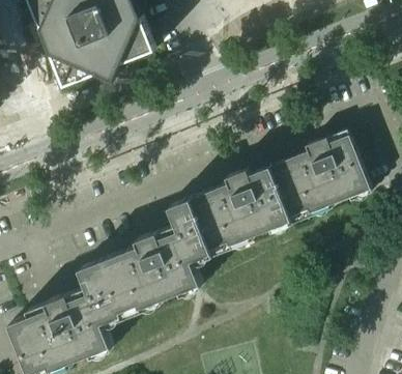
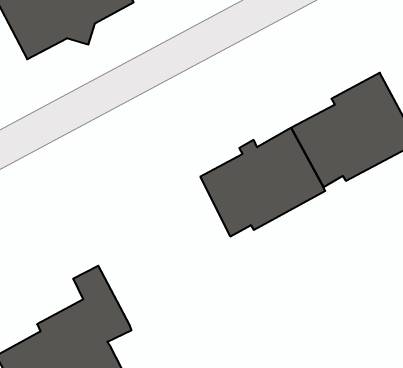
building: [101,199,211,312] -> none

